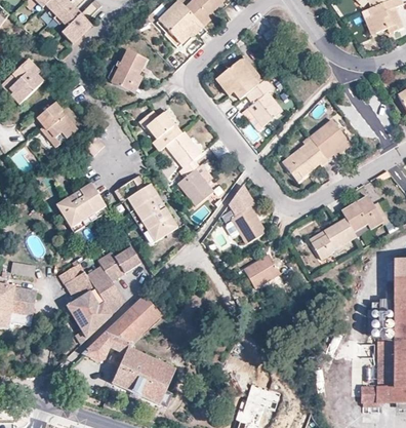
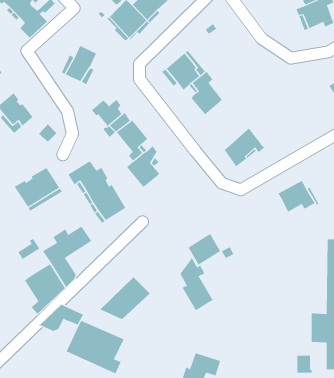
building: [310,120,351,160] -> none
building: [229,185,266,244] -> [180,256,214,311]
building: [309,219,356,261] -> none
building: [65,271,95,300] -> none
building: [107,296,162,343] -> [99,276,150,320]
building: [377,373,394,402] -> none

